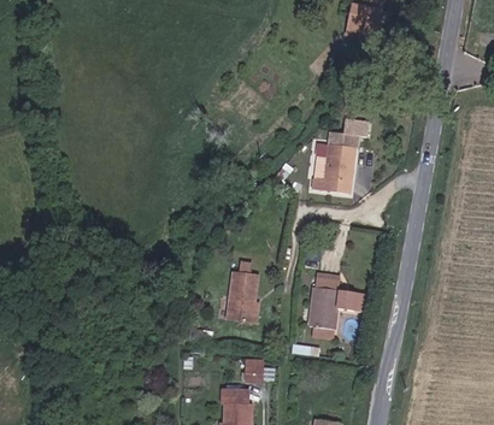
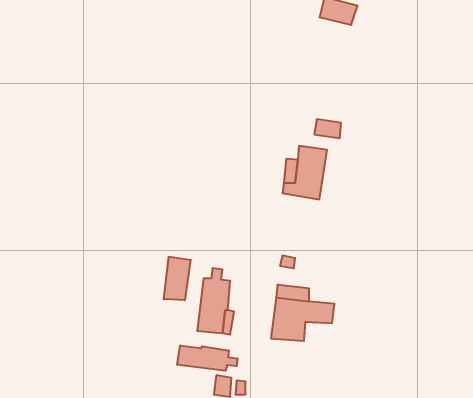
building: none -> [164,257,191,300]
building: none -> [177,345,237,371]

